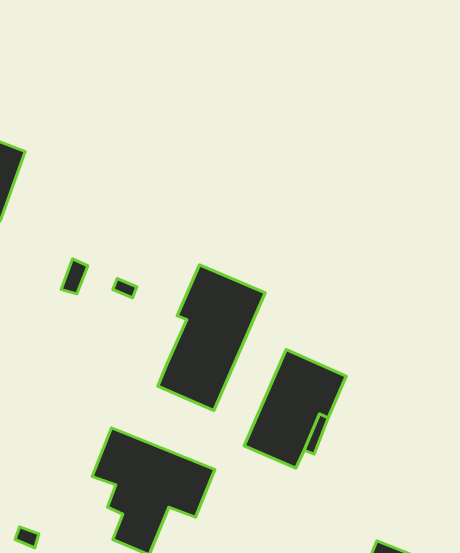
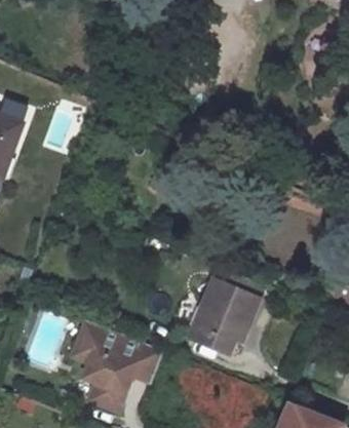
building: [158,265,265,411] -> none

